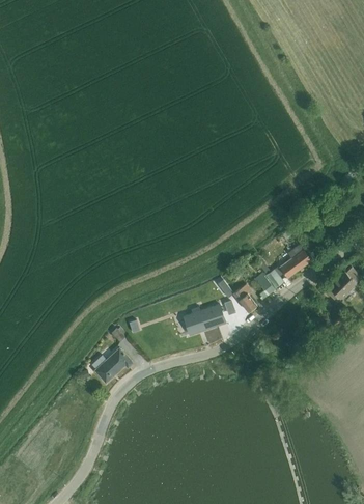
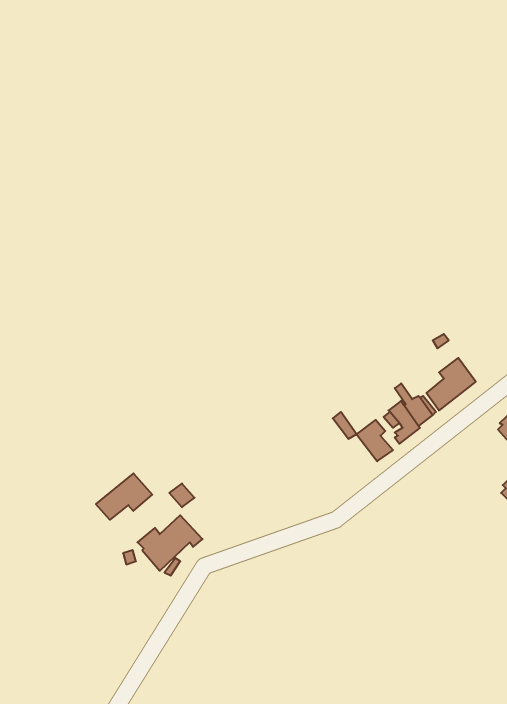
building: [185,305,226,335] -> none
building: none -> [96,473,152,520]

